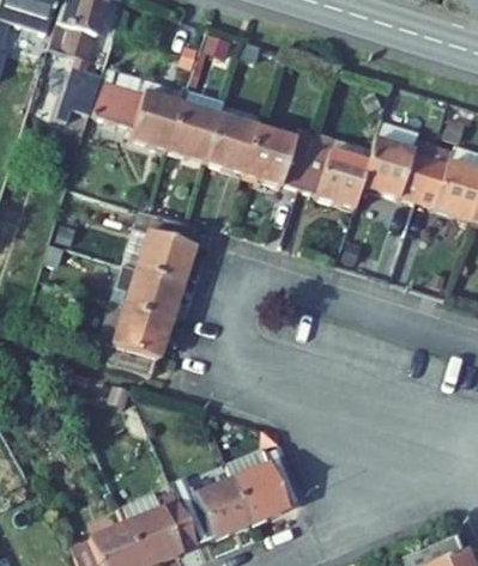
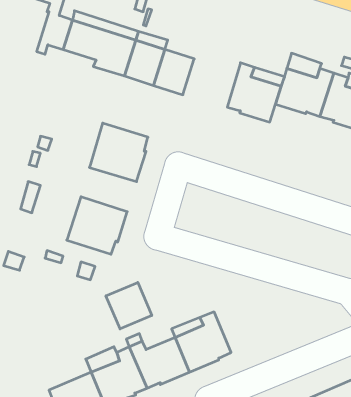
building: [242,129,315,190] -> none
building: [113,267,183,323] -> none
building: none -> [106,282,152,329]

